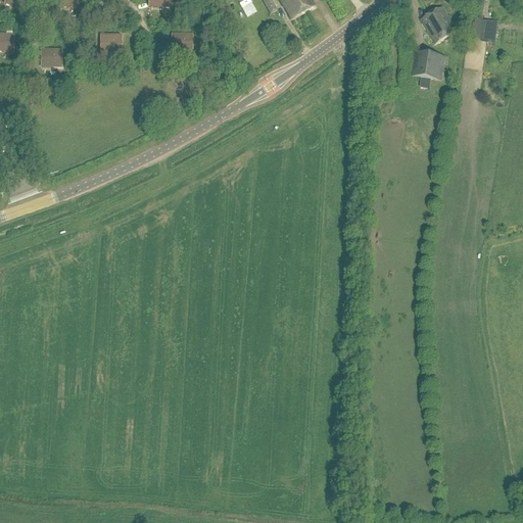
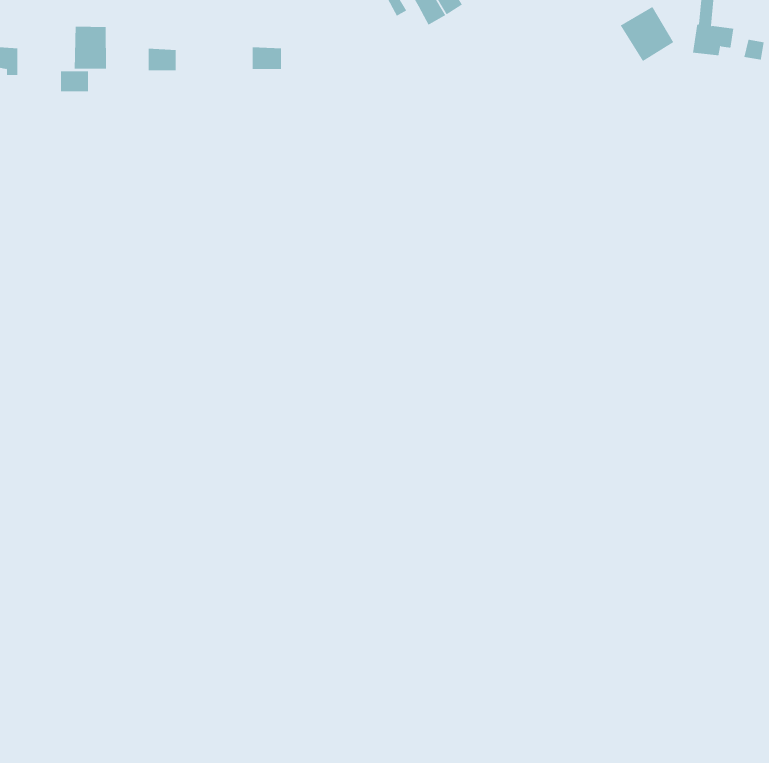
building: none -> [74,26,106,69]
building: [411,49,444,78] -> none

